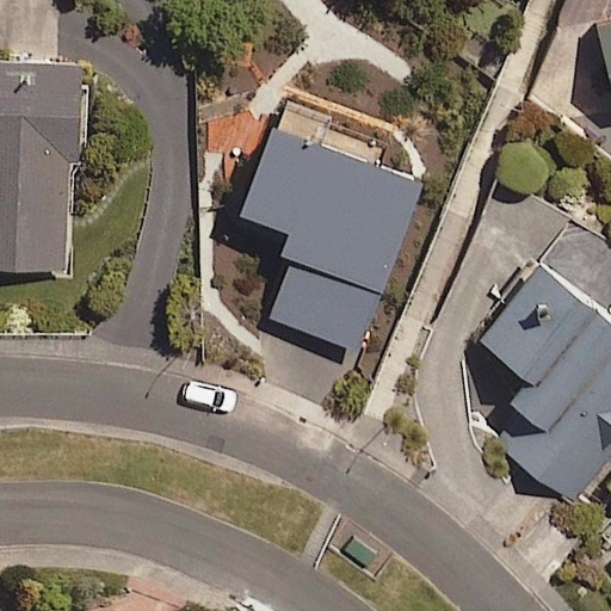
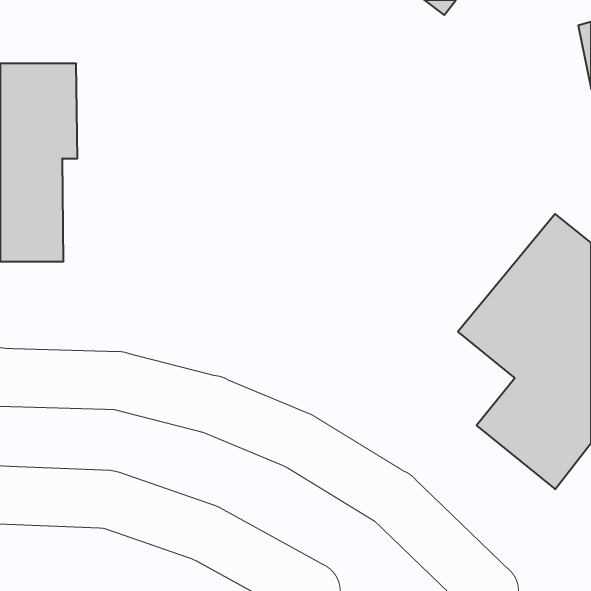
building: [239,104,415,352] -> none

